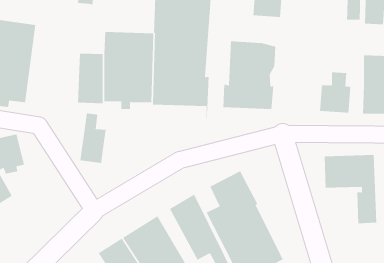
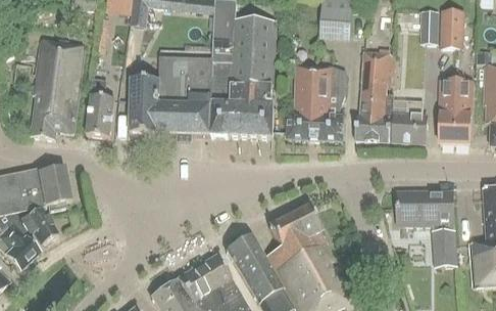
building: none -> [355,50,394,141]
building: [79,113,107,163] -> [85,80,114,135]

